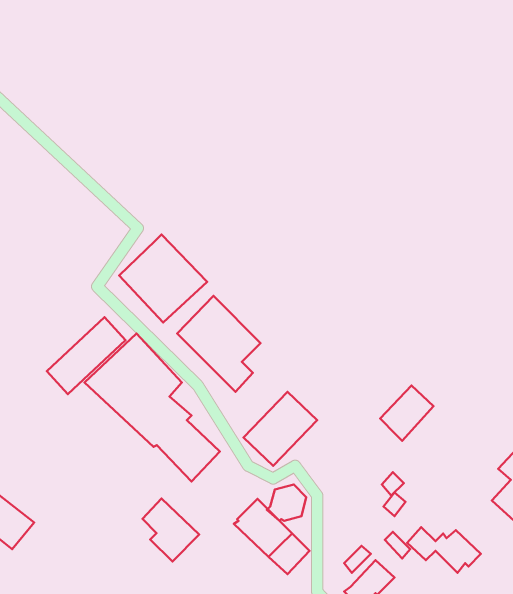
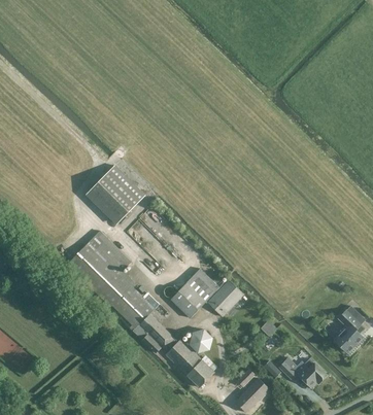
building: [47,317,125,394] -> none
building: [380,386,434,441] -> [206,280,241,316]
building: [142,498,199,561] -> [138,314,175,355]

